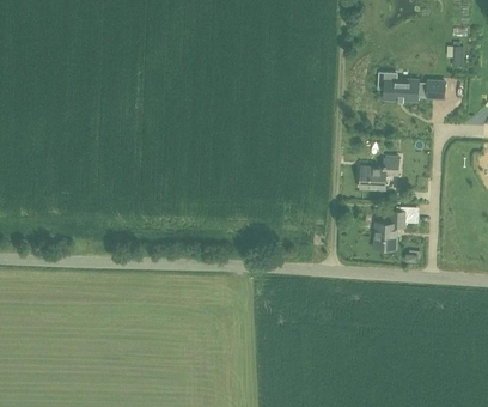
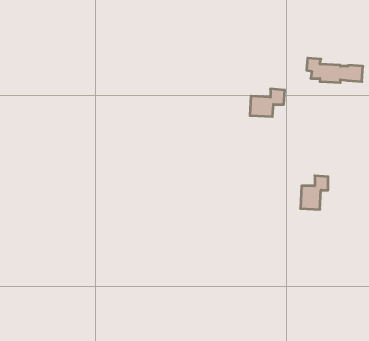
building: [359,157,399,189] -> [250,89,285,117]

